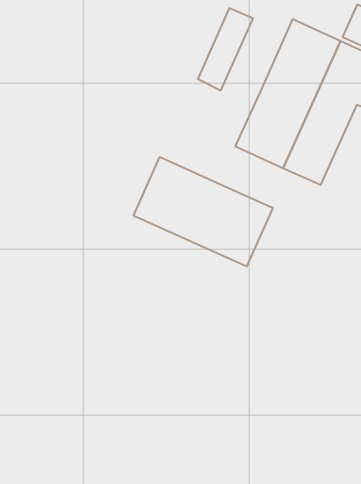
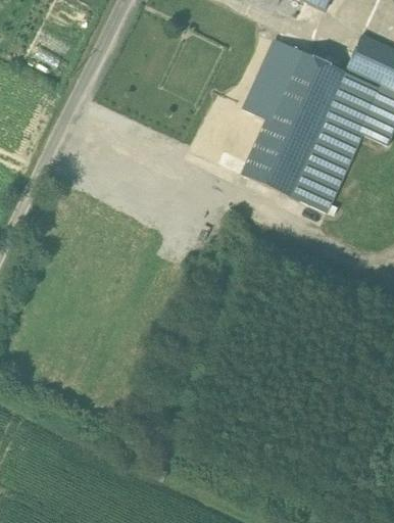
building: [198,8,253,90] -> [244,39,298,120]
building: [134,157,273,267] -> none

